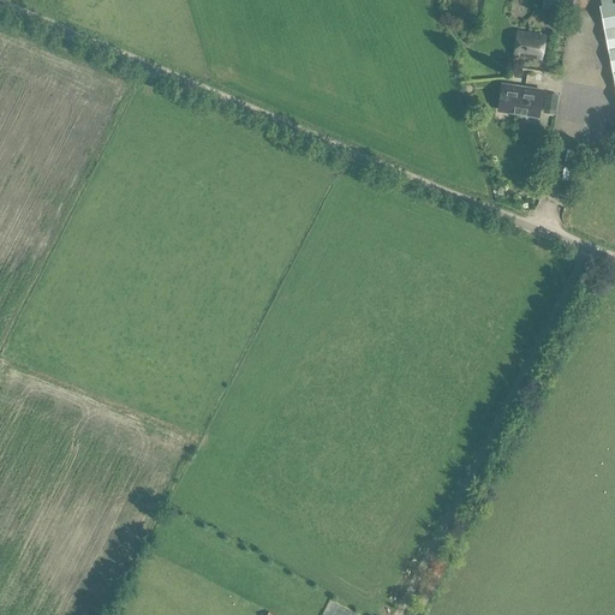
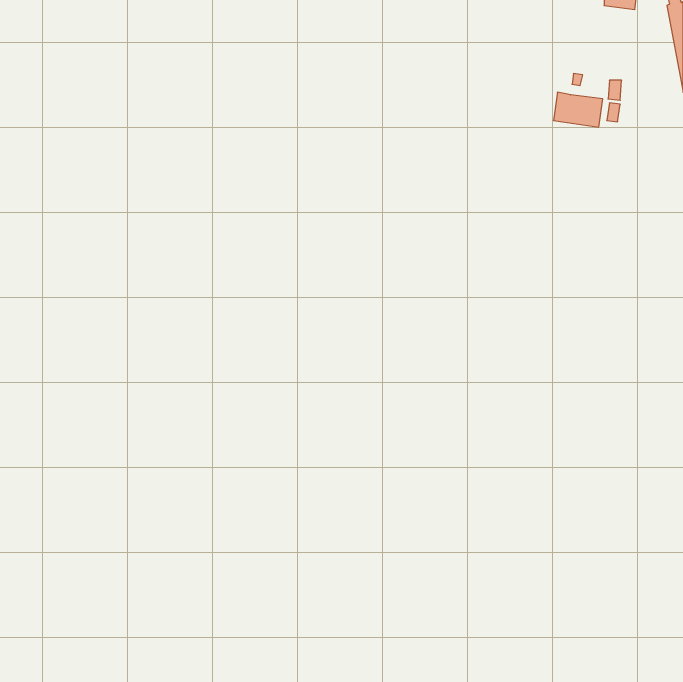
building: [515,29,548,59] -> none

